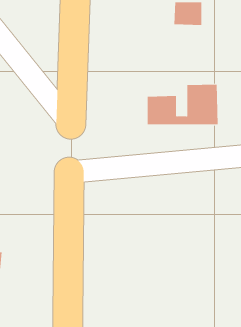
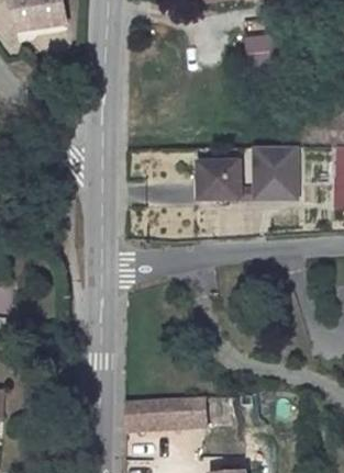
building: none -> [126,399,206,432]

